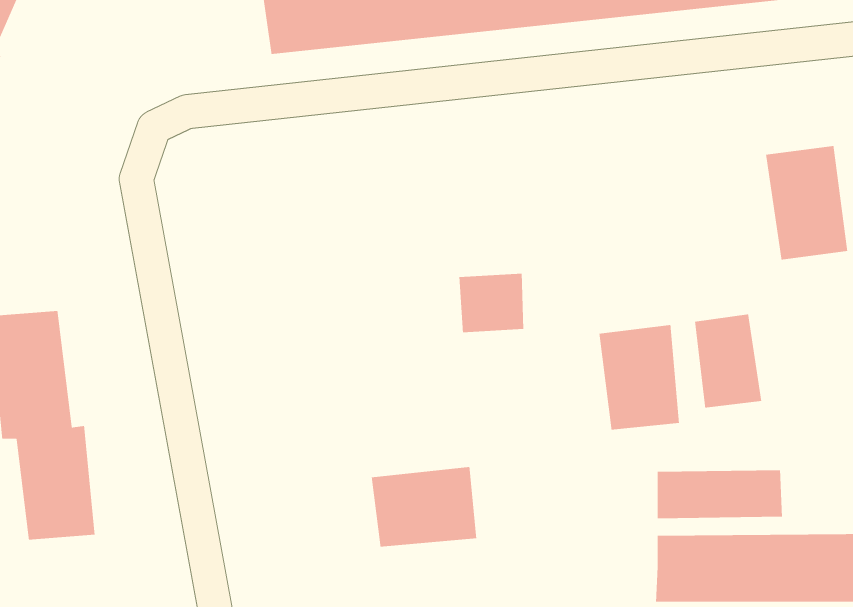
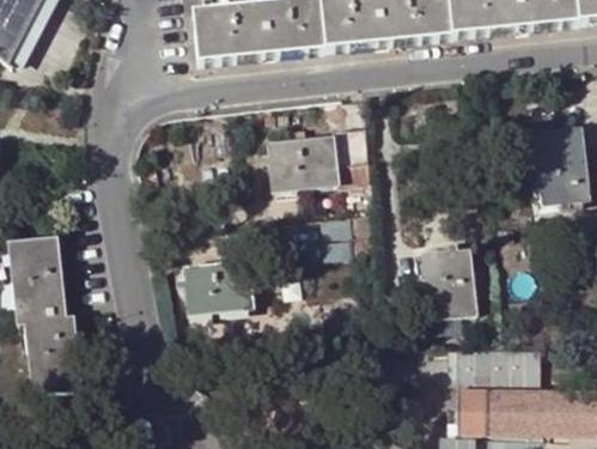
building: none -> [267,123,374,190]
building: [694,313,762,408] -> none
building: [371,466,477,548] -> [181,257,252,313]

